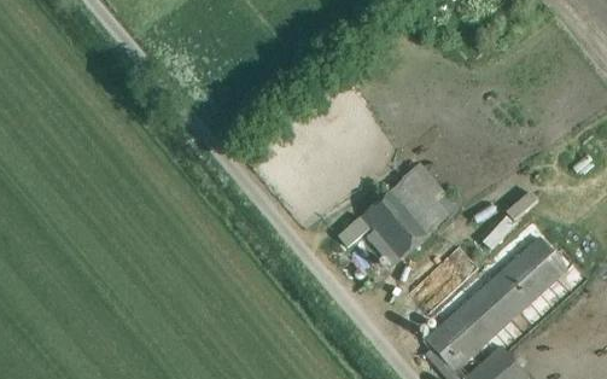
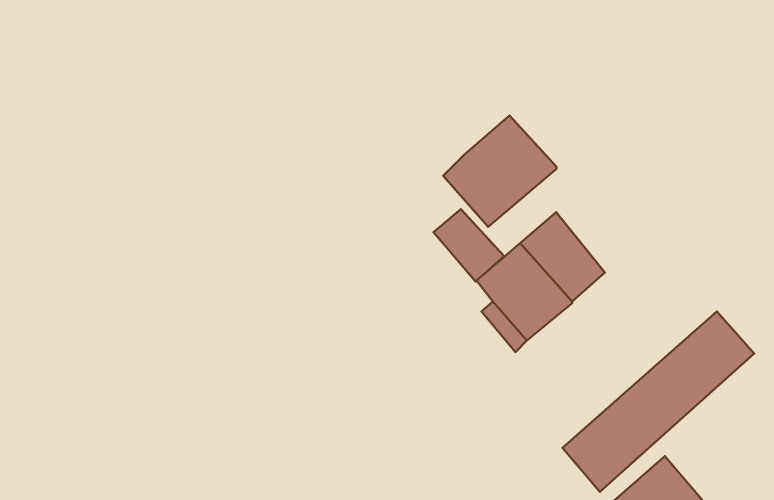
building: none -> [443,116,557,227]
building: none -> [434,209,504,281]

